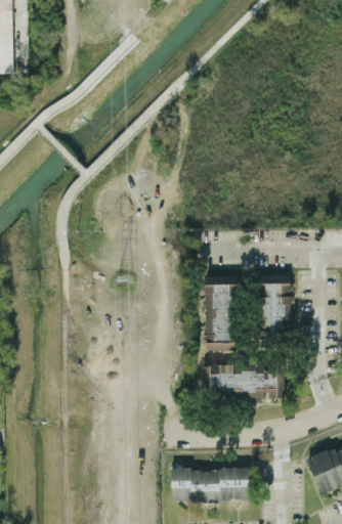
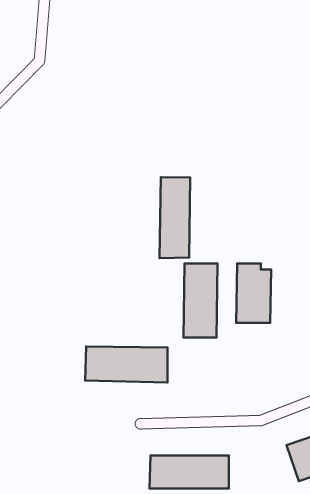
building: none -> [160,177,190,258]
building: [203,363,285,399] -> [85,347,168,383]

